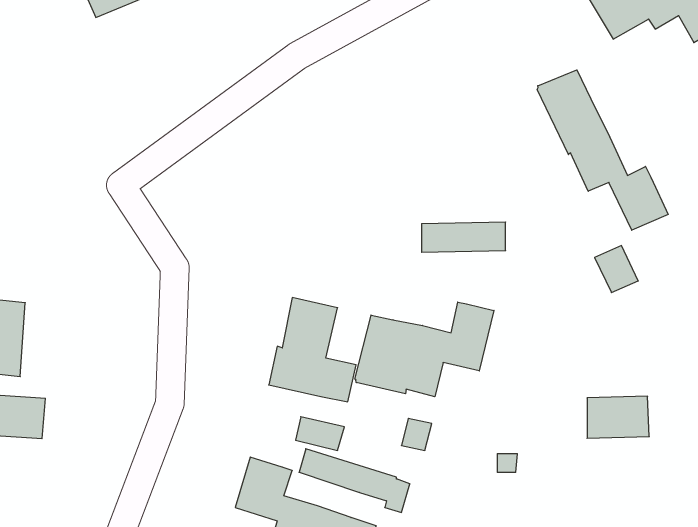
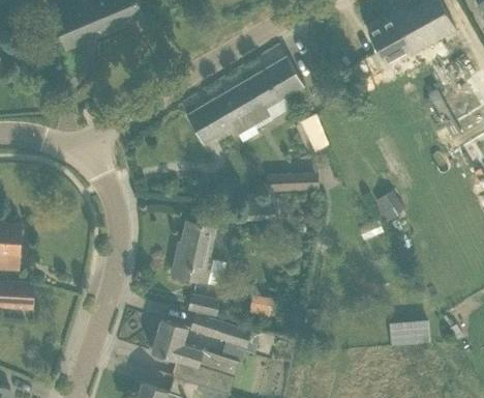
building: none -> [185,55,304,144]
building: [537,70,668,230] -> none
building: [355,302,494,397] -> none
building: [587,396,649,438] -> [388,318,426,344]

